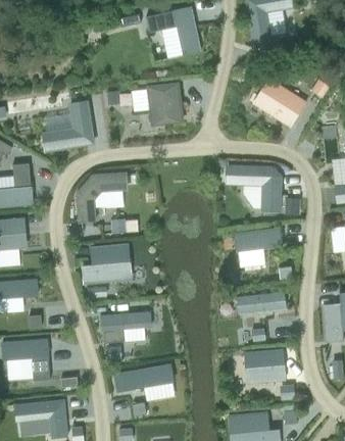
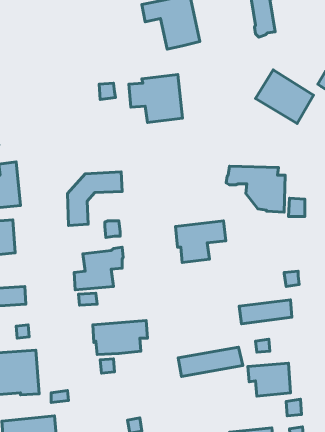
building: [44,101,93,151] -> none
building: [234,227,281,265] -> [175,221,226,263]
building: [113,363,174,391] -> [178,347,243,377]

